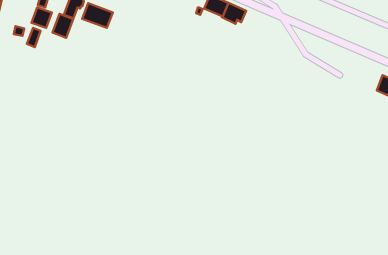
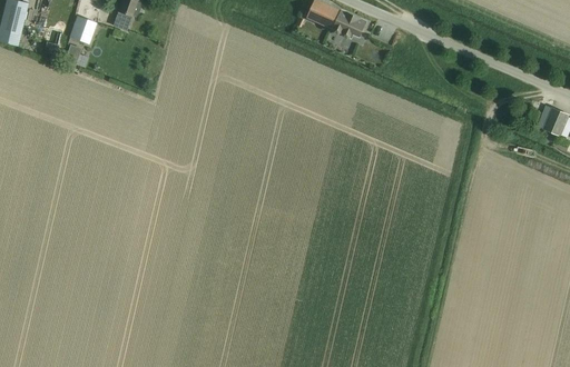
building: [82,3,113,28] -> none
building: [53,14,73,38] -> none

